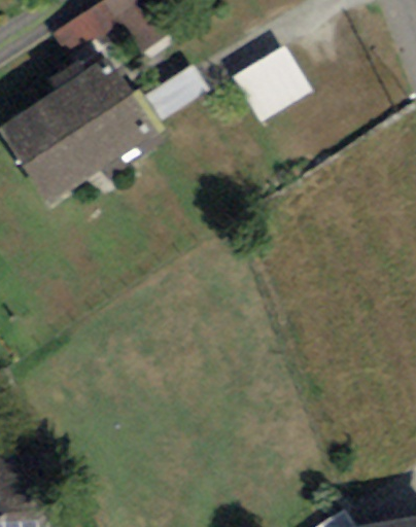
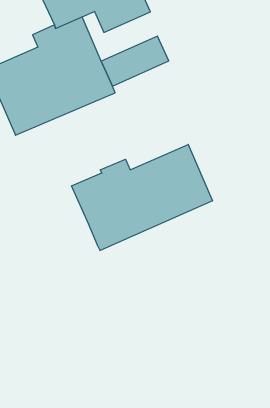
building: [231,45,313,125] -> none
building: none -> [71,144,212,251]

